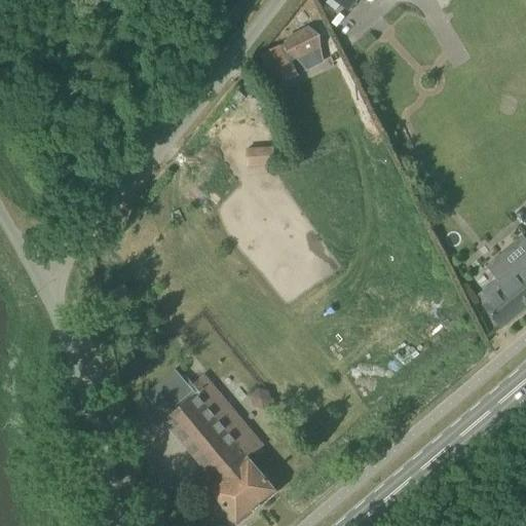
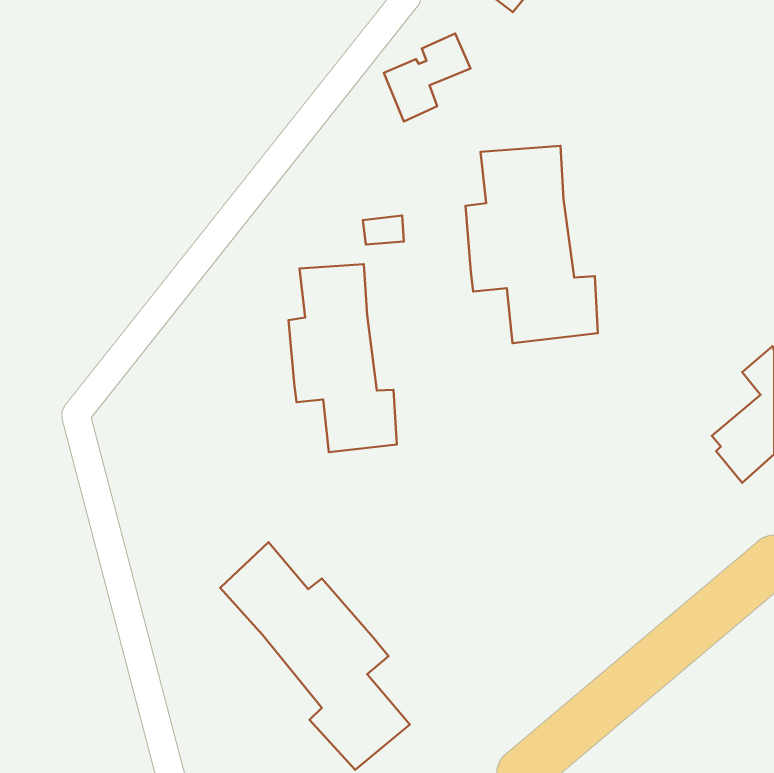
building: none -> [465,146,598,343]
building: none -> [289,264,397,452]

